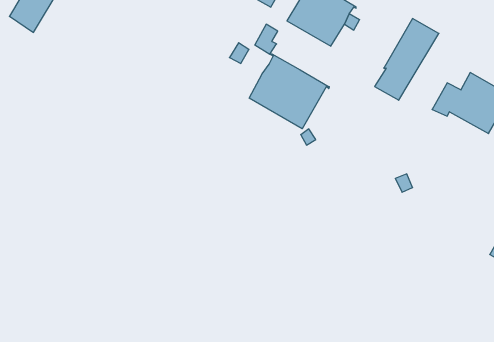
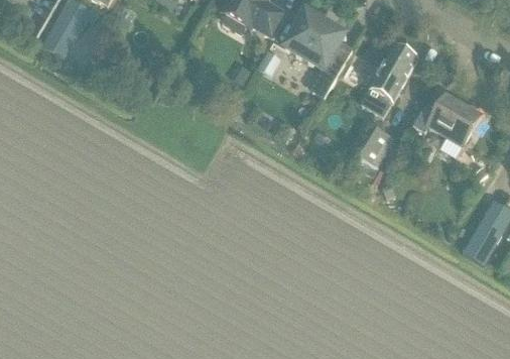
building: [249,54,329,129] -> none
building: none -> [355,127,393,175]

